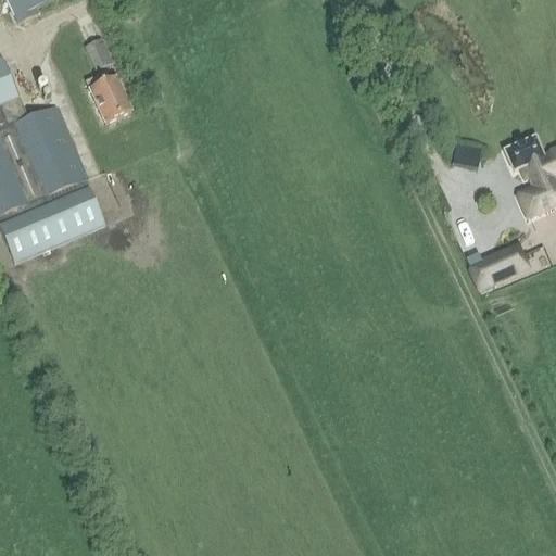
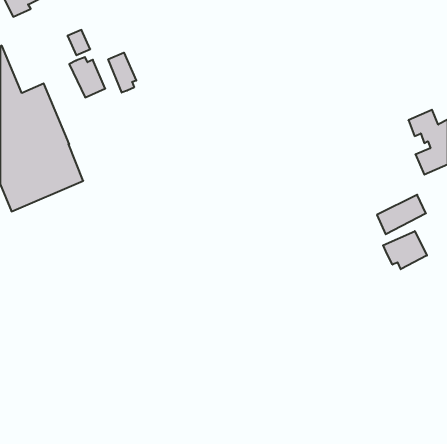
building: none -> [108,53,136,93]
building: none -> [383,231,427,269]

